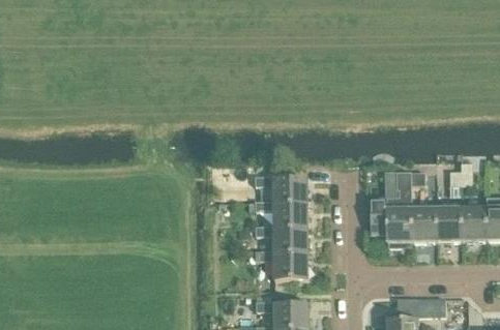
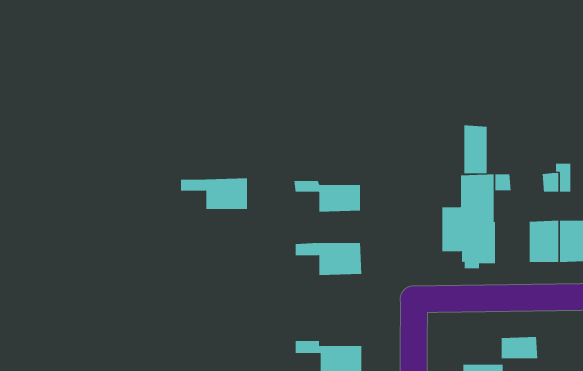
building: none -> [464,124,487,174]
building: [254,200,306,224] -> [180,178,248,210]
building: [412,208,438,241] -> none
building: [255,249,307,280] -> none

